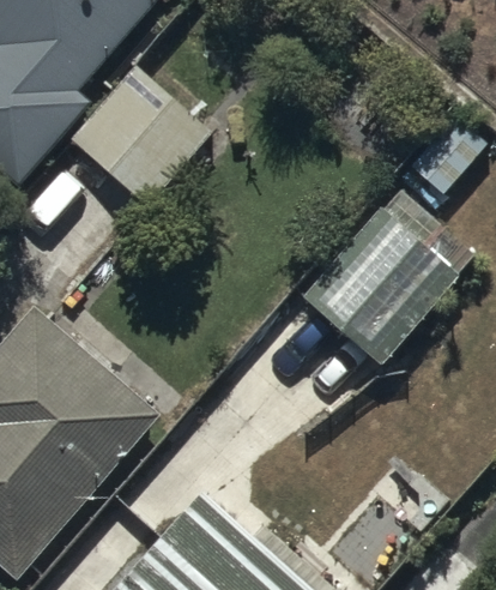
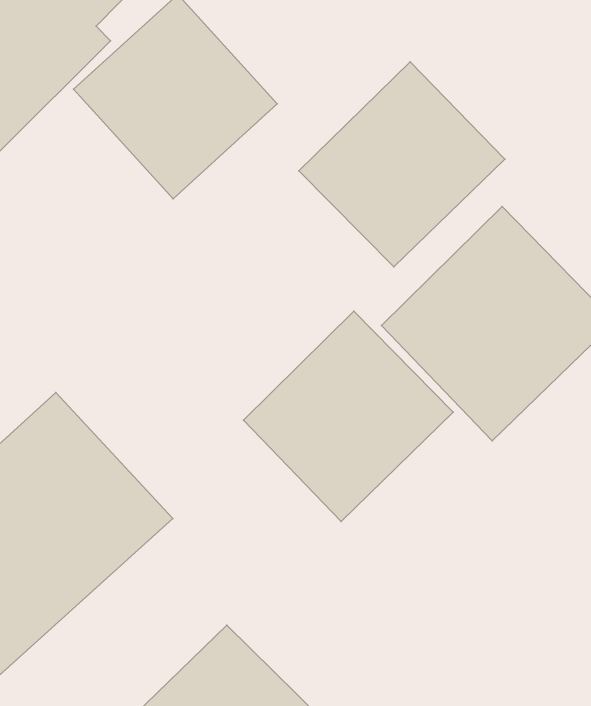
building: none -> [299,62,505,267]
building: none -> [243,311,453,522]

